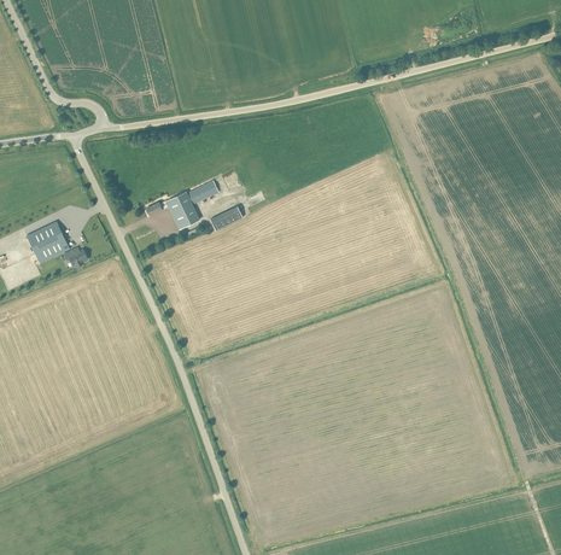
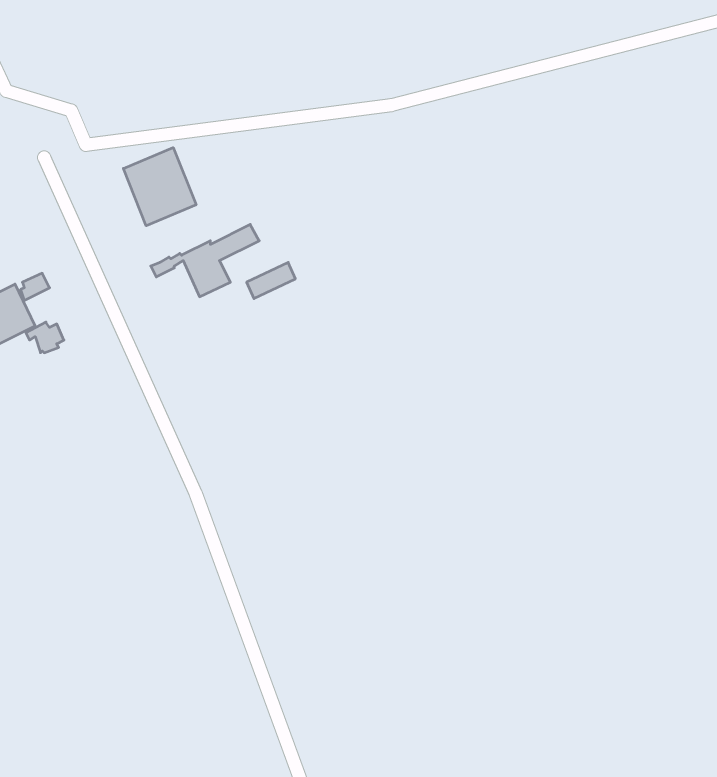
building: none -> [123,148,196,226]

